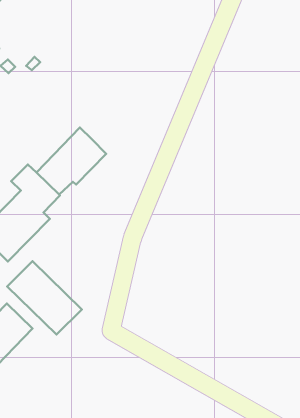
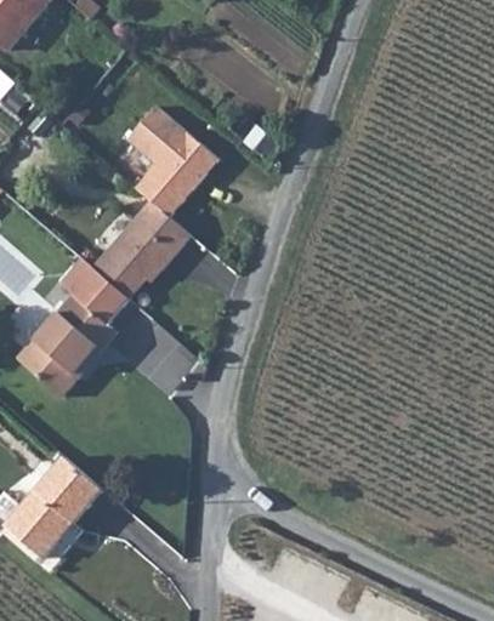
building: none -> [126,104,217,216]
building: [7,261,82,335] -> none

